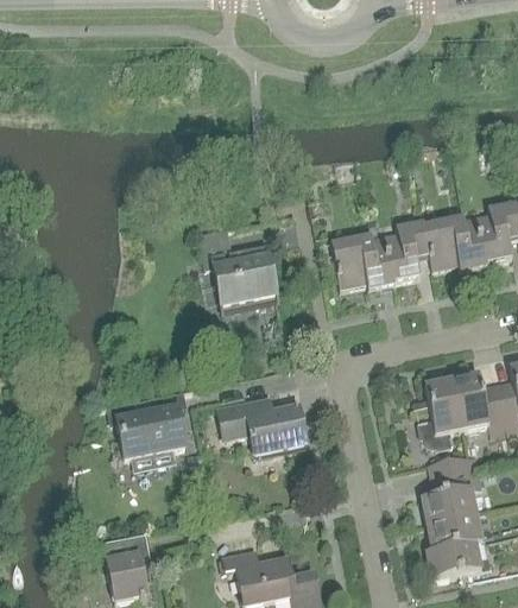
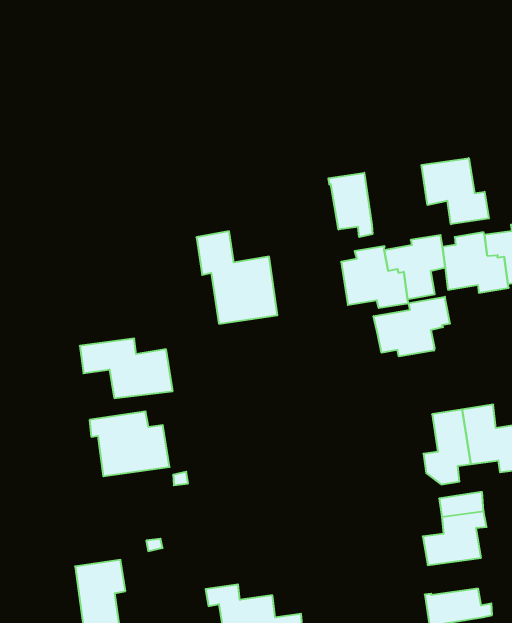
building: none -> [422,158,489,224]
building: none -> [328,173,372,237]
building: none -> [374,297,450,356]
building: [219,398,307,454] -> [80,339,173,398]
building: [428,514,481,551] -> none

